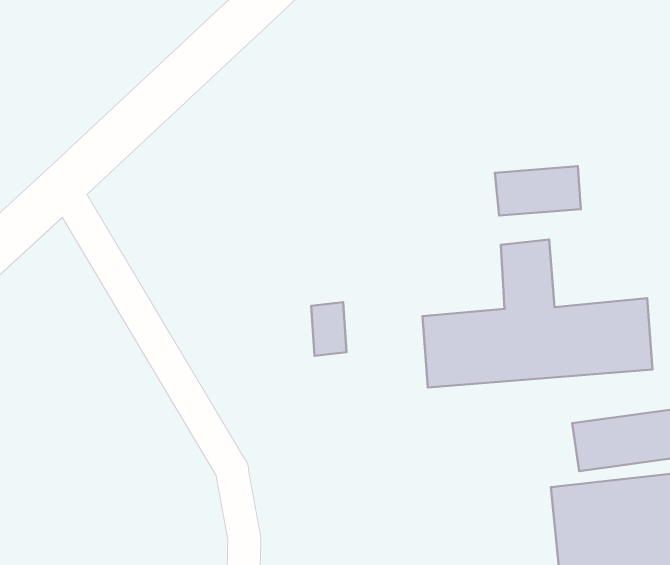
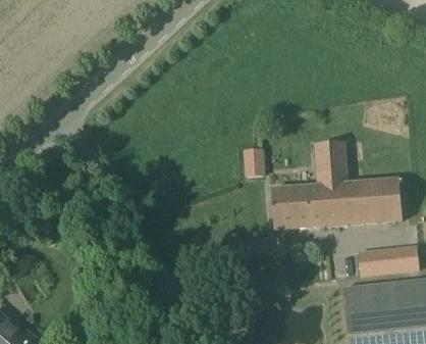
building: [495,166,581,215] -> none
building: [311,302,347,356] -> [243,146,263,177]

